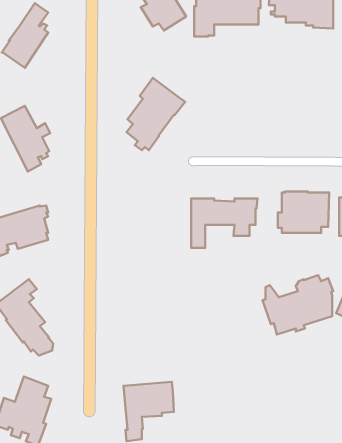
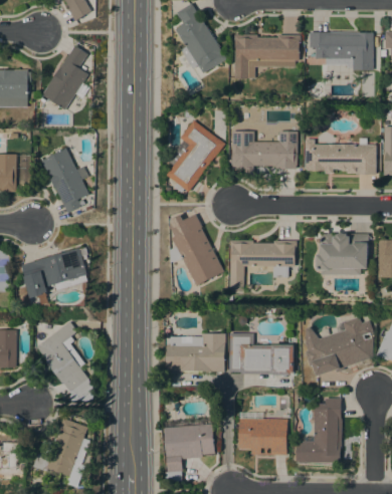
building: none -> [228,131,298,170]
building: none -> [306,138,376,174]
building: none -> [172,213,226,285]
building: none -> [167,332,225,371]
building: none -> [229,332,295,375]
building: none -> [297,398,342,462]
building: none -> [239,412,287,455]

